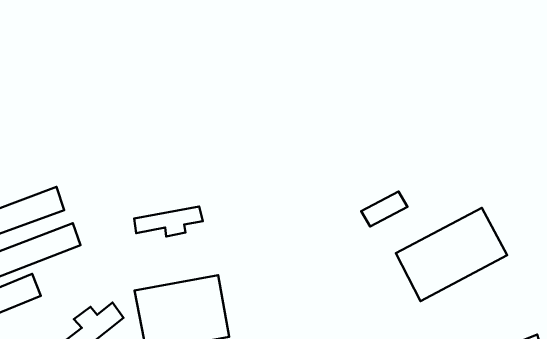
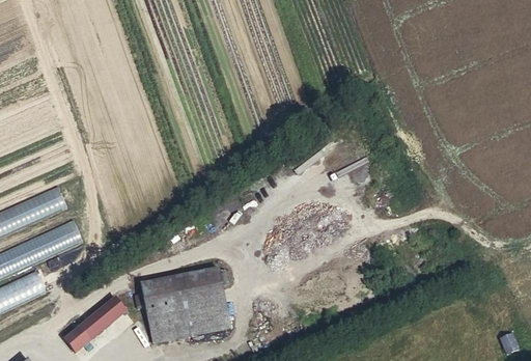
building: [134,207,203,237] -> none
building: [396,208,507,301] -> none

